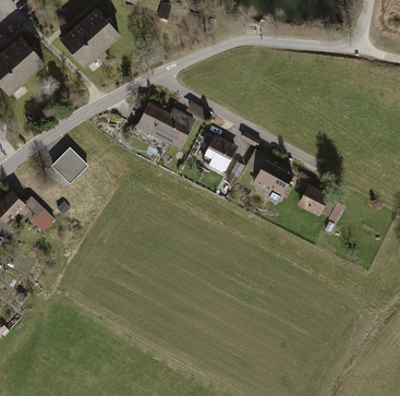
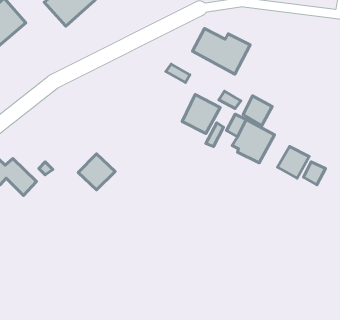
building: [136,104,194,149] -> [193,28,250,74]
building: none -> [243,96,272,125]
building: [52,146,89,182] -> [78,154,115,190]

